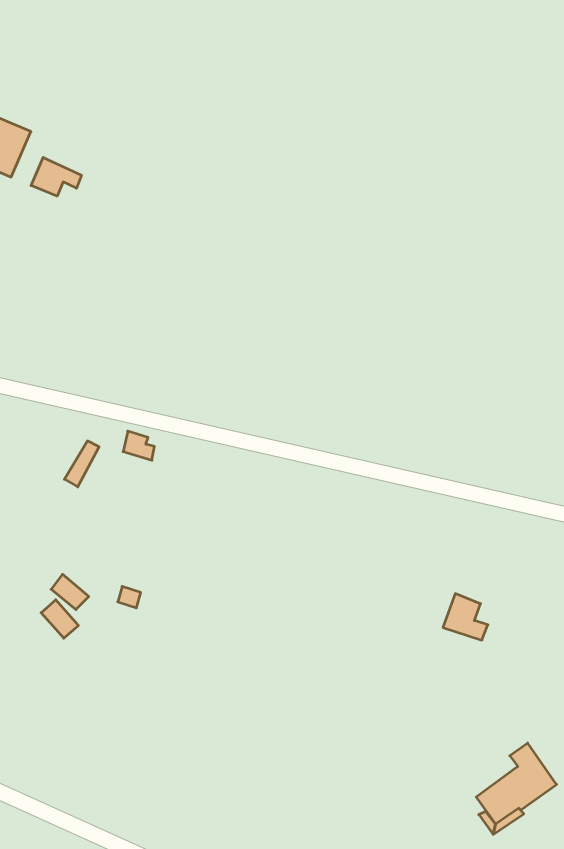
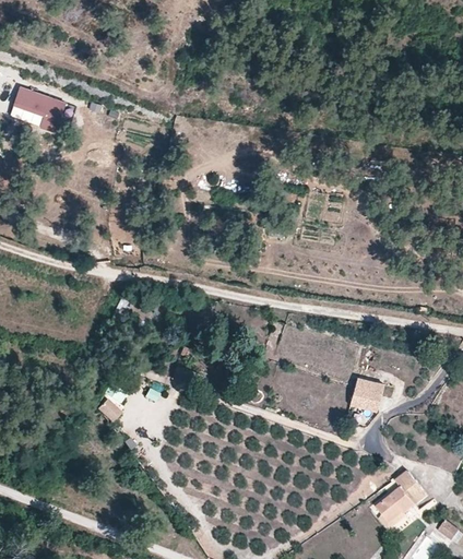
building: [31,157,81,196] -> none

